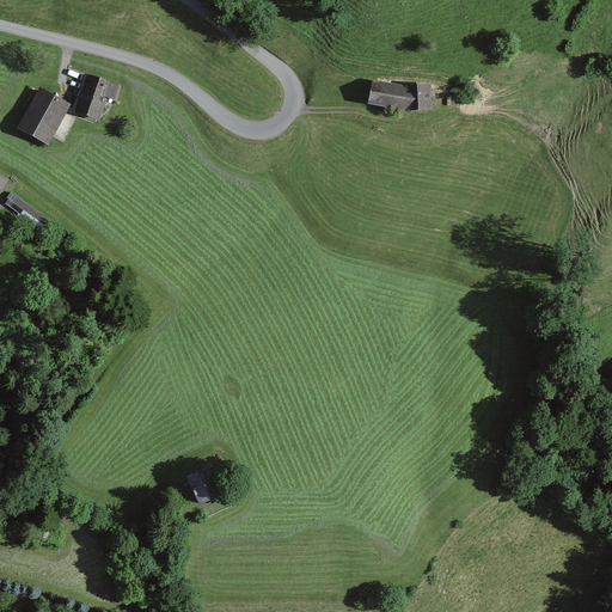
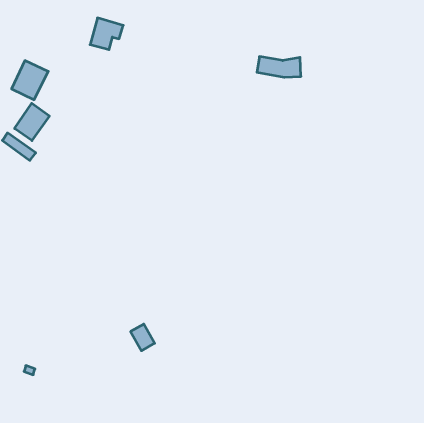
building: [73,72,121,117] -> [90,18,123,50]
building: none -> [15,103,49,141]

